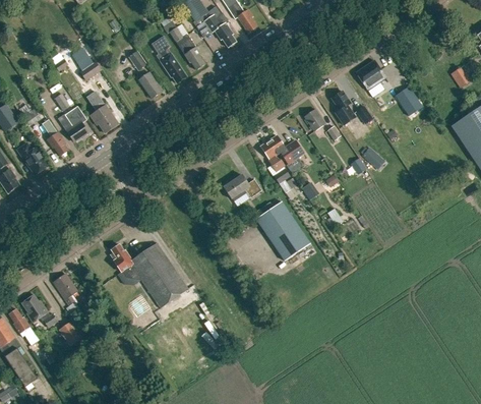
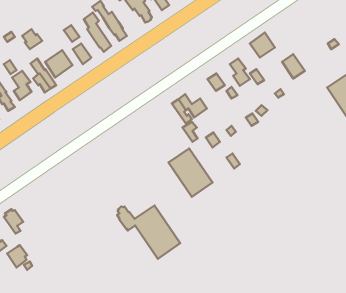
building: none -> [45,50,73,77]
building: [224,174,261,198] -> none
building: [111,242,188,307] -> [117,206,180,259]

